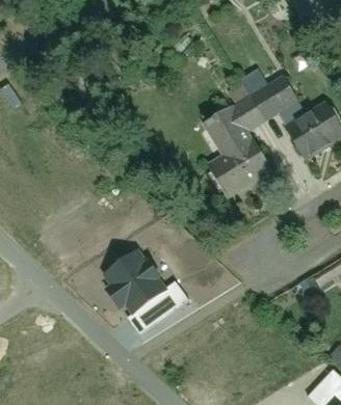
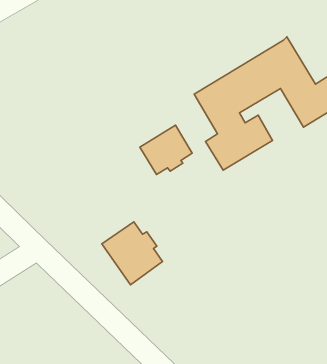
building: none -> [140,125,192,174]

